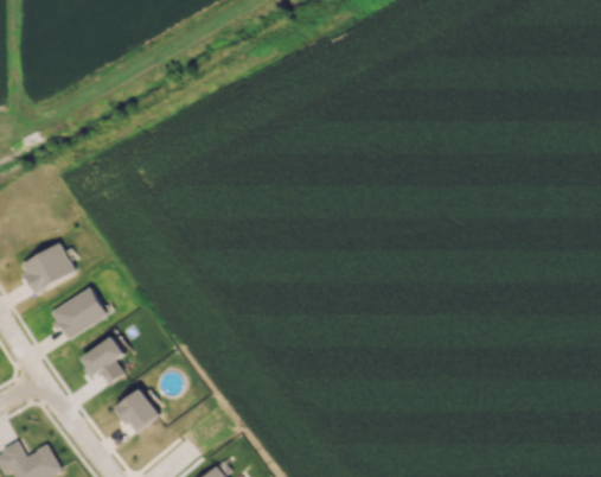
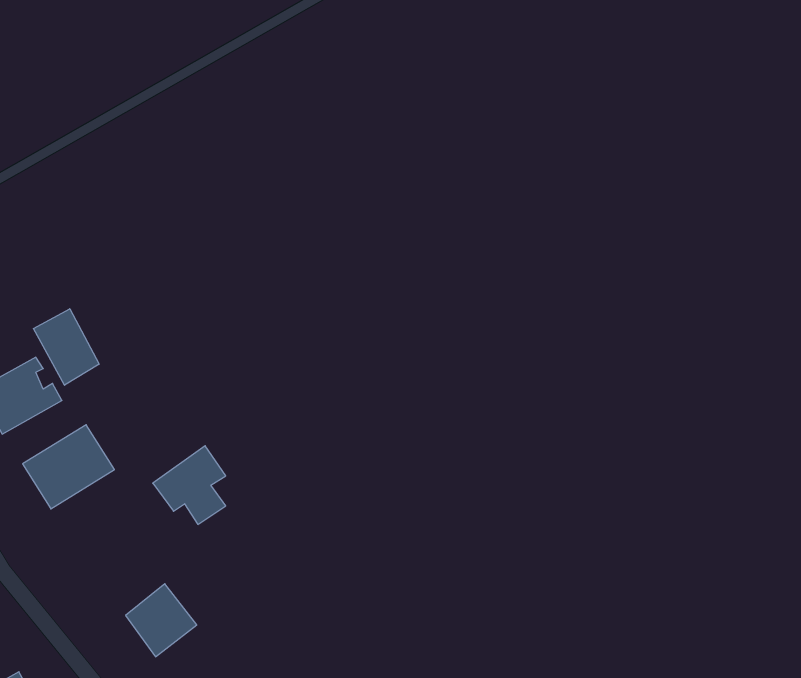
building: none -> [33,309,99,385]
building: [79,335,126,384] -> [153,446,226,524]

